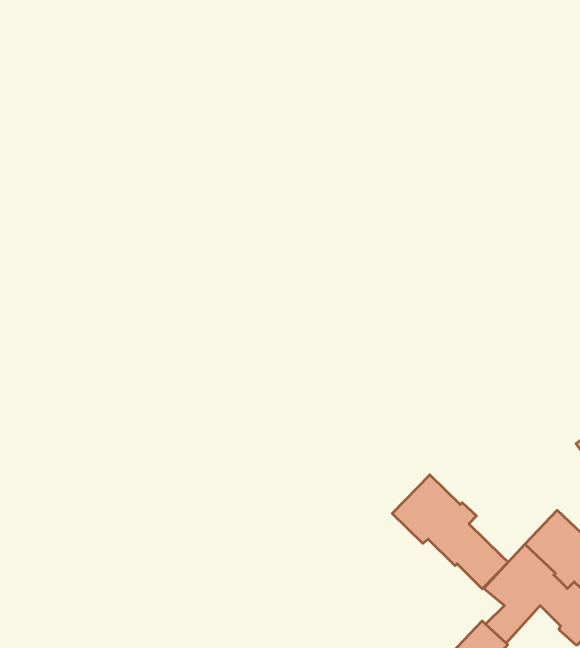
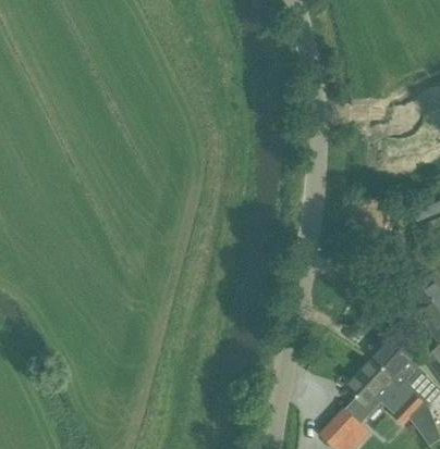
building: [392,475,508,589] -> none

